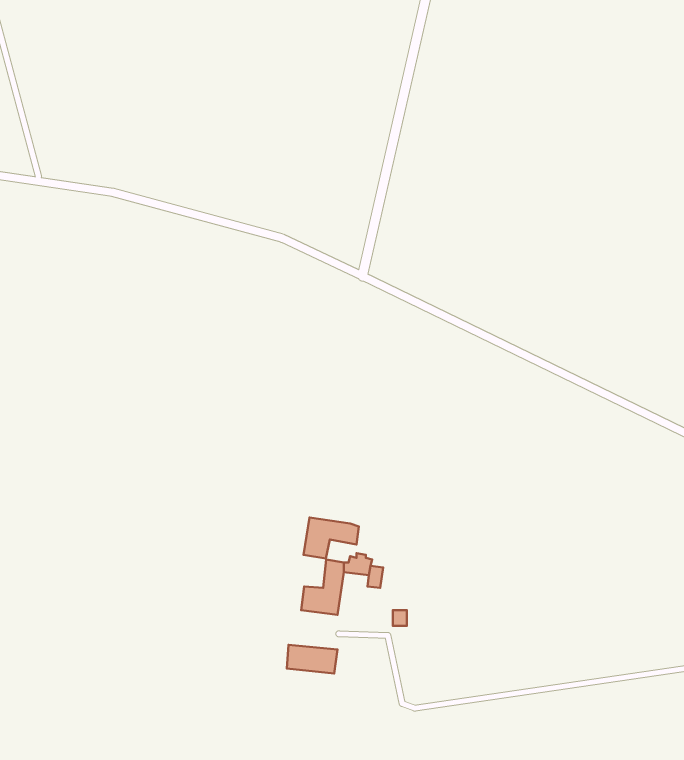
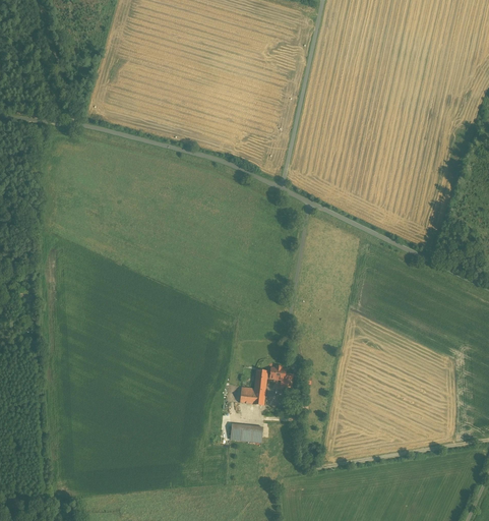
building: [303,518,359,559] -> none

